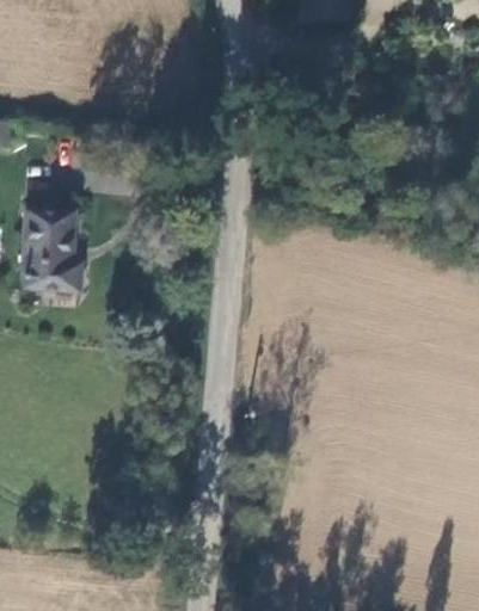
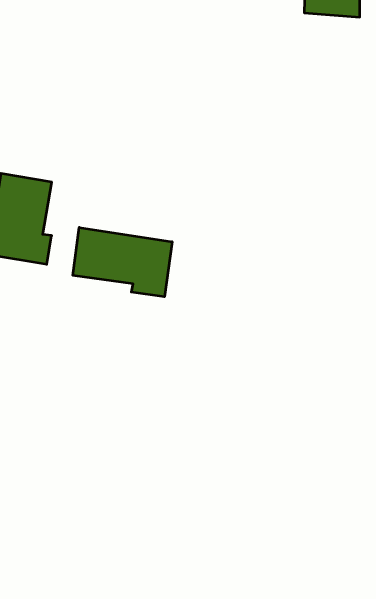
building: none -> [73,227,172,297]

